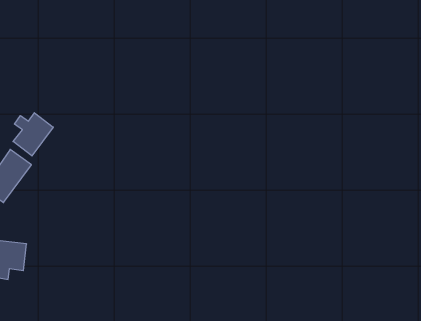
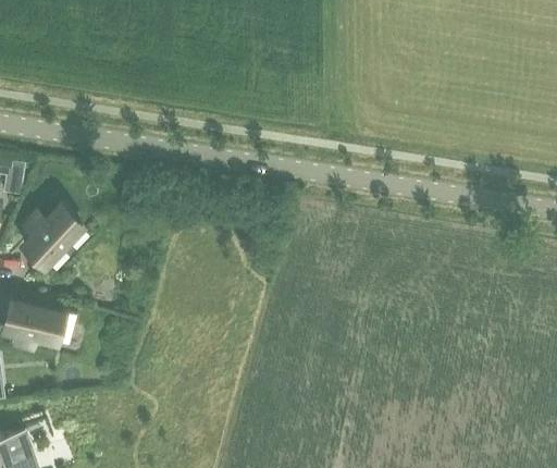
building: [13,113,53,156] -> none

